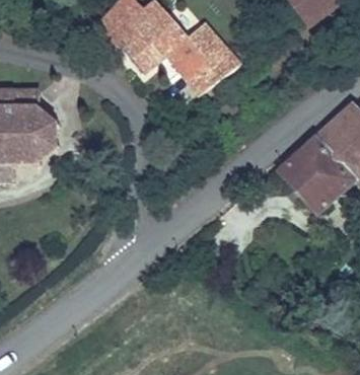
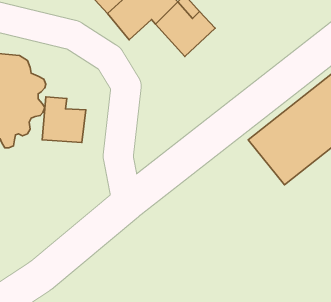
building: none -> [42,97,86,143]

